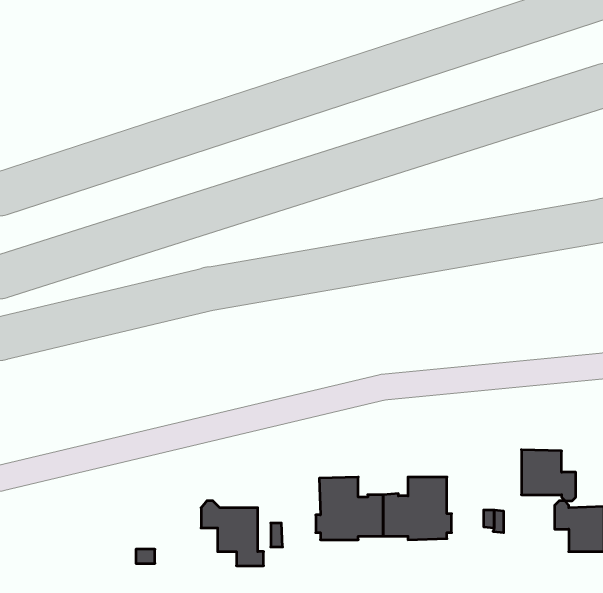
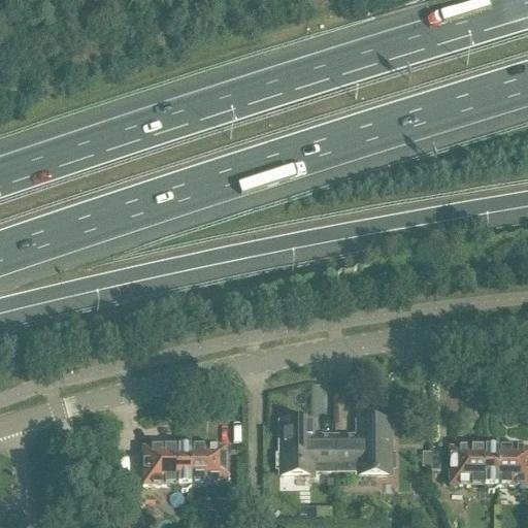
building: [521,450,576,501] -> [450,441,497,486]
building: none -> [142,442,191,485]

